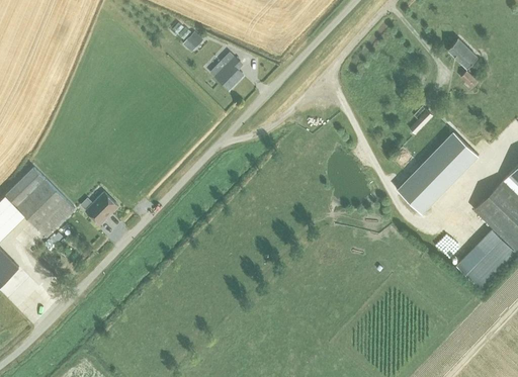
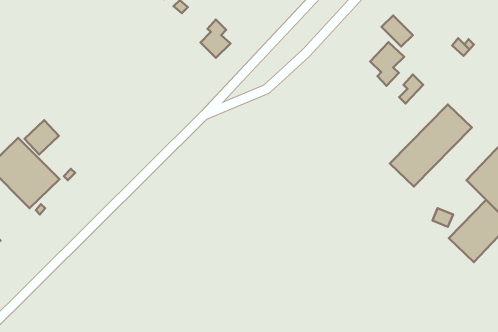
building: [446,37,477,68] -> [382,15,413,47]
building: none -> [370,42,404,86]
building: [86,191,119,224] -> [25,120,59,154]

